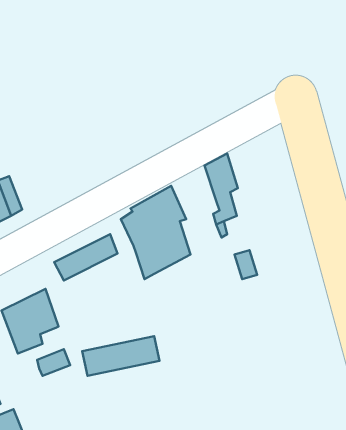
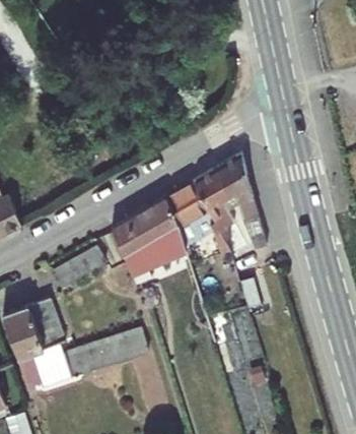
building: none -> [216,153,264,243]
building: none -> [163,179,206,230]
building: none -> [18,332,62,377]

